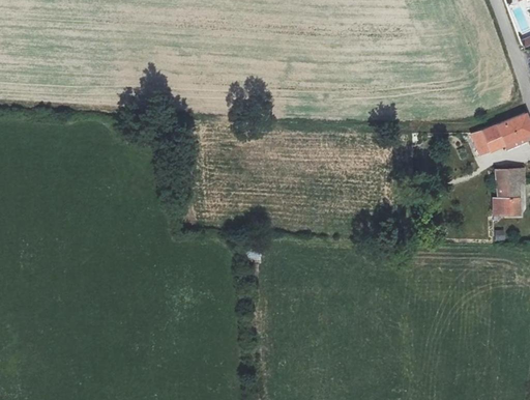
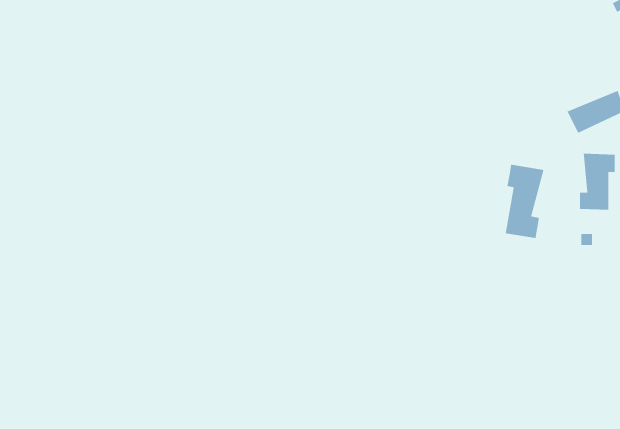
building: none -> [505,164,545,239]

